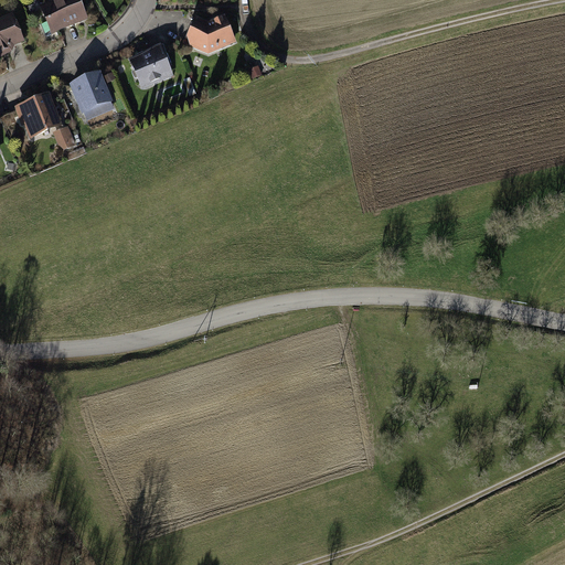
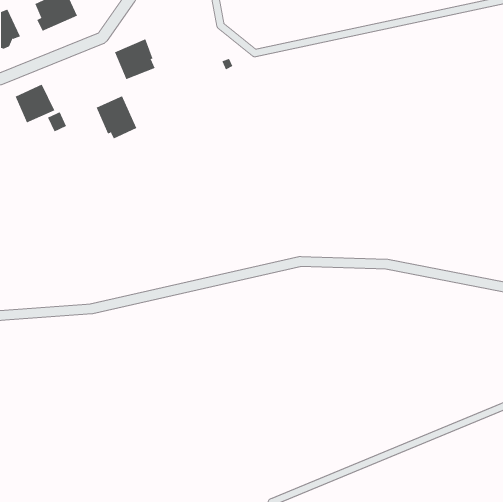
building: [185,13,235,51] -> none
building: [68,71,115,119] -> [96,96,137,139]

